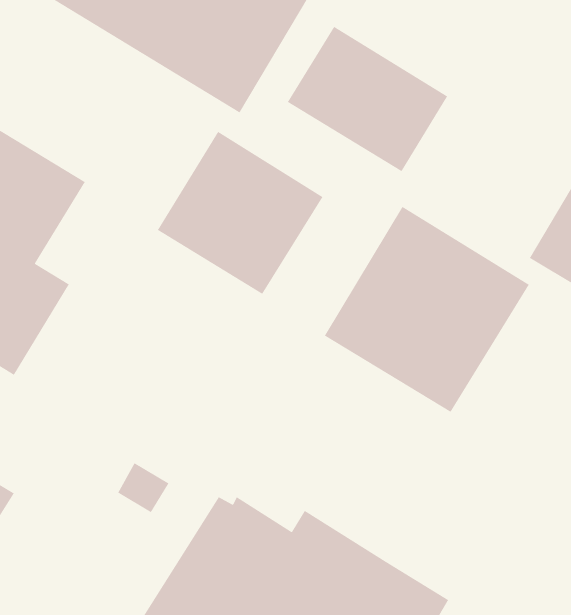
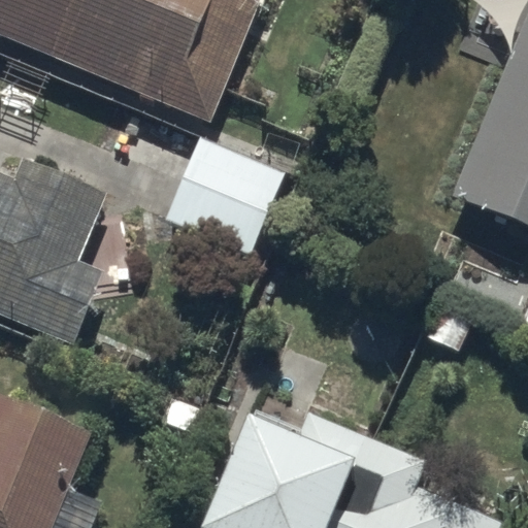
building: [287,26,448,172] -> none
building: [324,206,530,413] -> none

